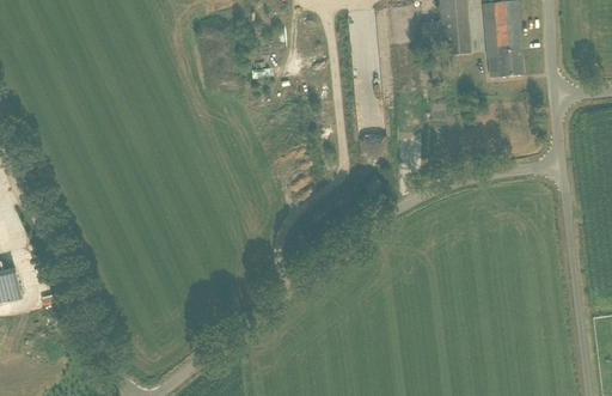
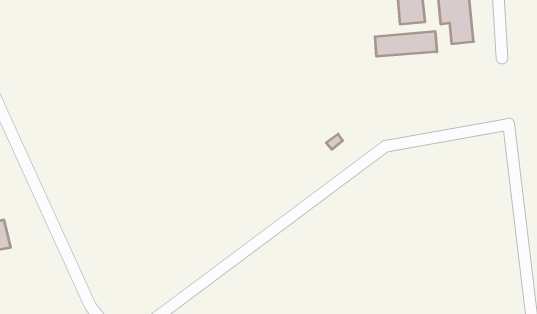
building: none -> [375,31,437,56]

